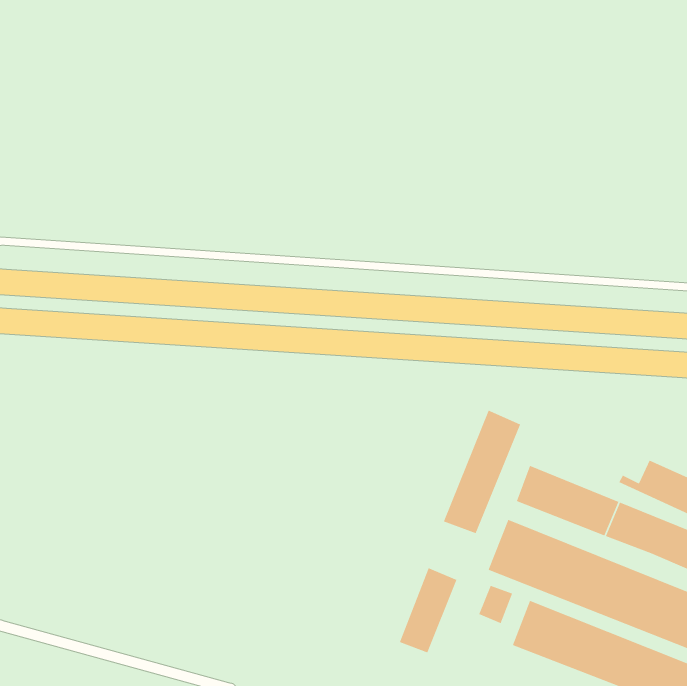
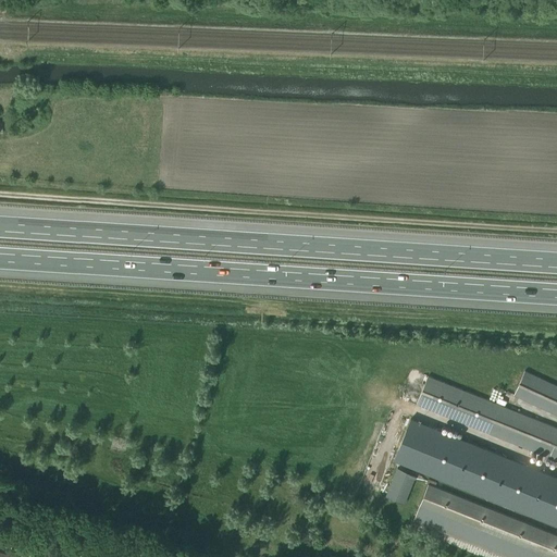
building: [443,409,521,534] -> none
building: [399,567,457,653] -> none

